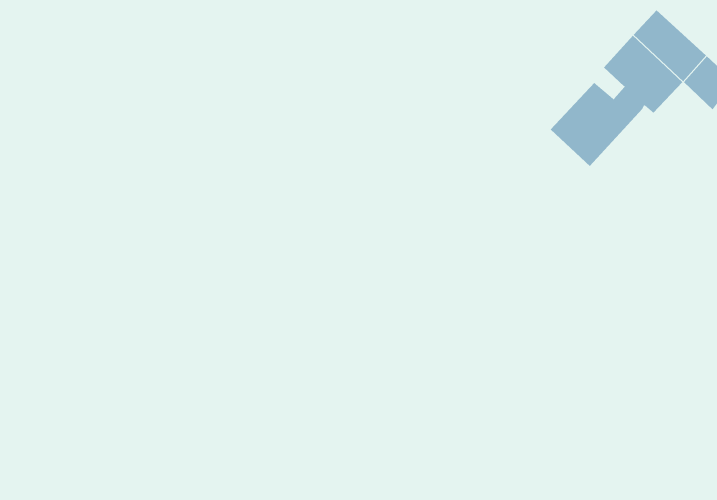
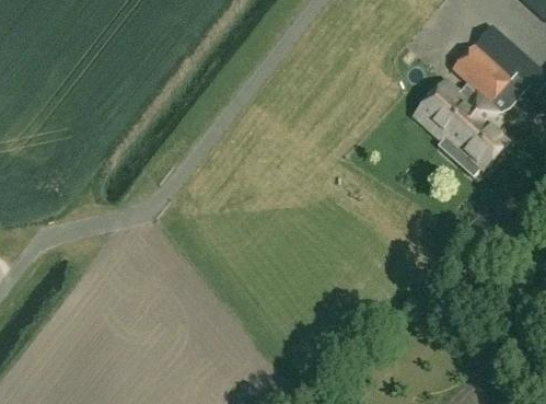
building: none -> [441,100,508,173]

